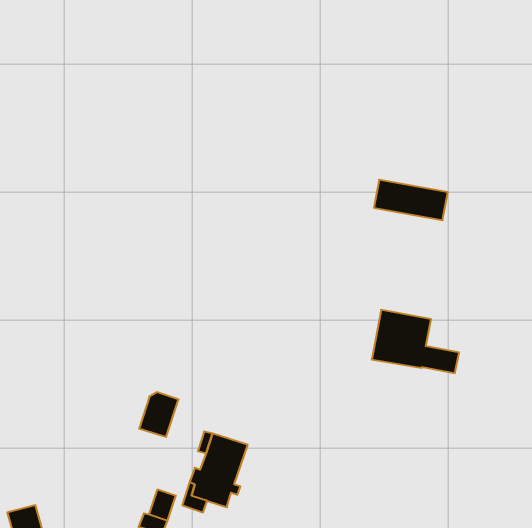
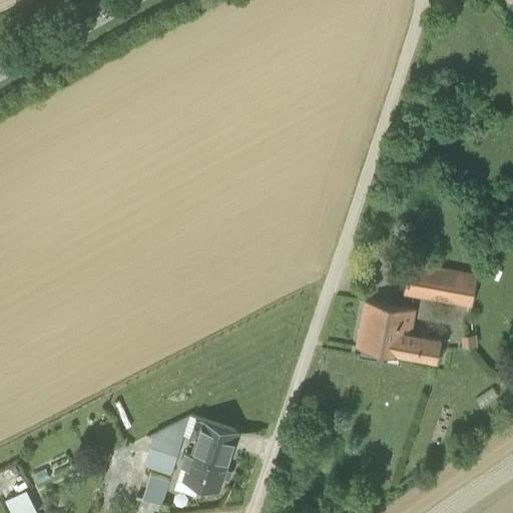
building: [374,180,448,220] -> [406,267,477,306]
building: [139,392,179,437] -> [145,431,183,474]

